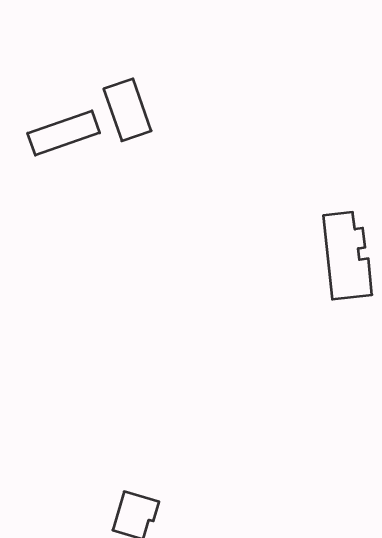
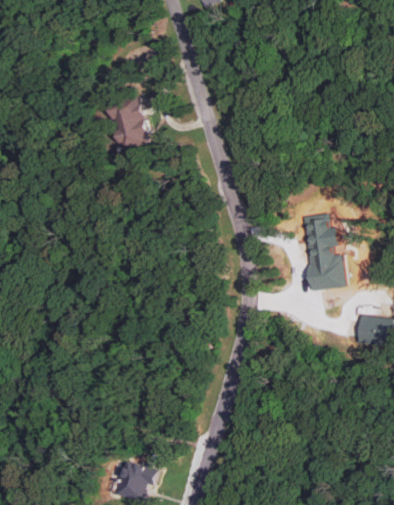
building: [28,111,100,155] -> none

